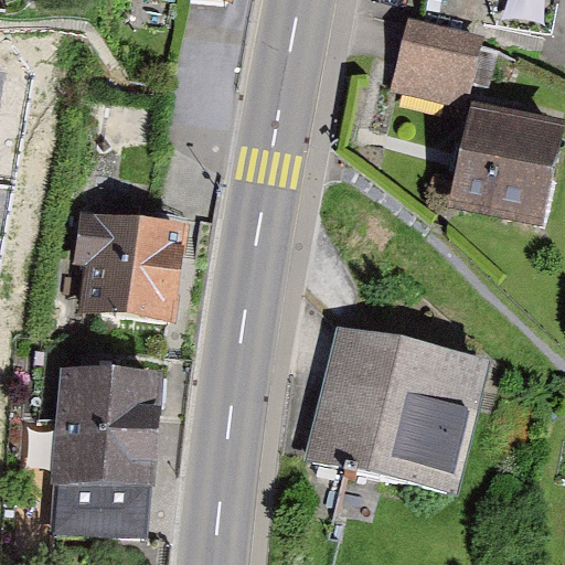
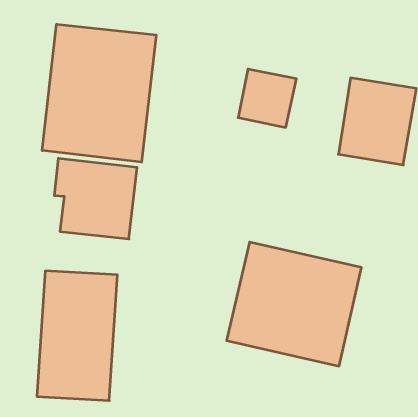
building: [396,19,475,97] -> [238,69,296,127]
building: none -> [42,24,156,162]

